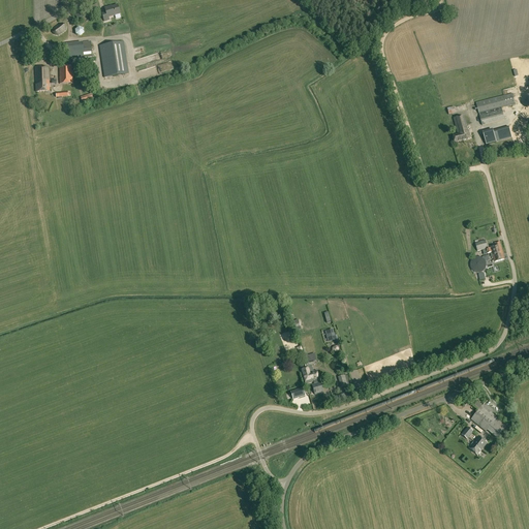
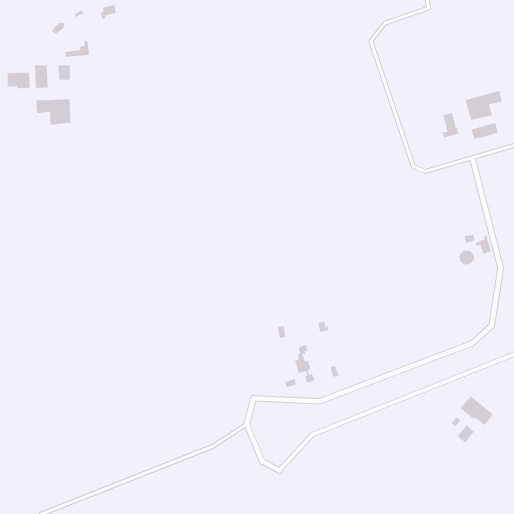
building: [100,42,123,76] -> none
building: none -> [7,72,31,89]
building: none -> [36,98,71,125]

